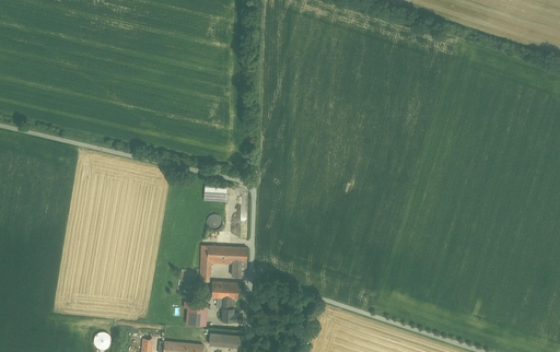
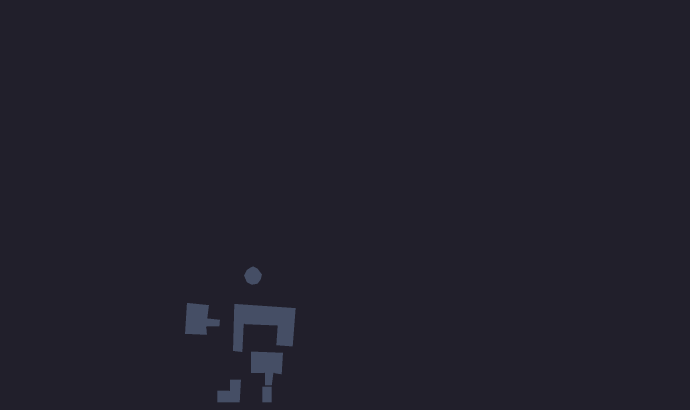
building: none -> [184,302,221,335]

